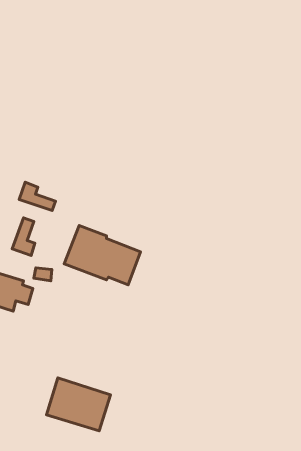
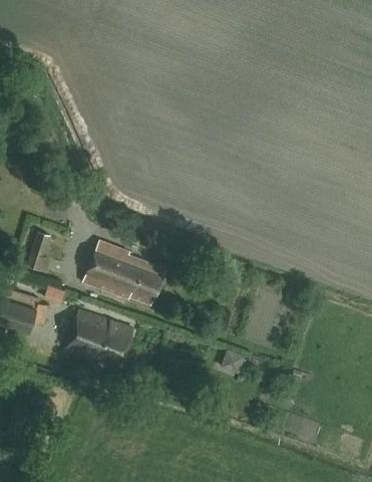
building: [19,182,55,211] -> none
building: [46,378,111,431] -> [65,311,133,368]

